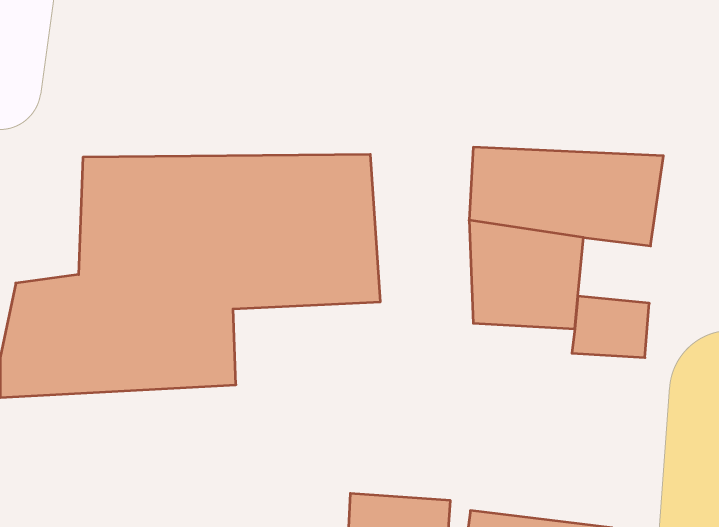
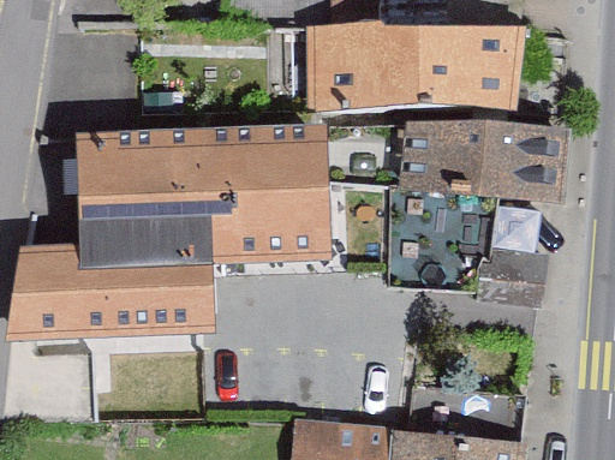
building: none -> [312,23,521,115]

